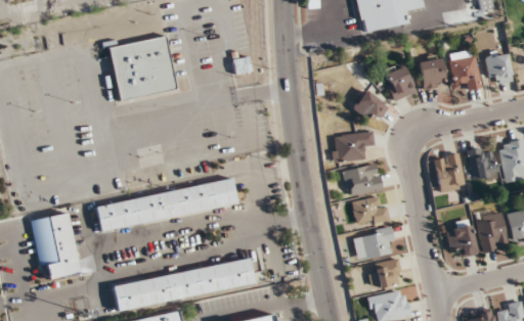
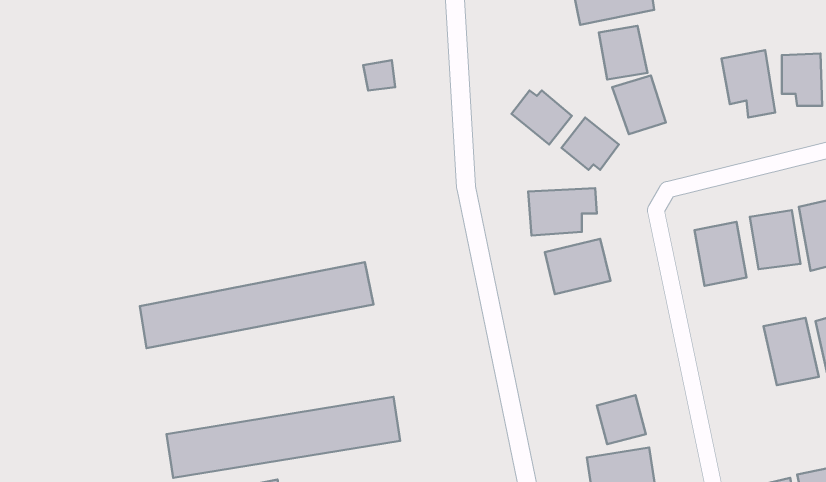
building: [108,36,176,101] -> none
building: [420,57,449,90] -> [599,26,648,80]
building: none -> [512,90,572,144]
building: [353,196,389,225] -> none
building: [31,213,80,279] -> none
building: [446,225,479,257] -> none
building: [353,227,396,259] -> none

